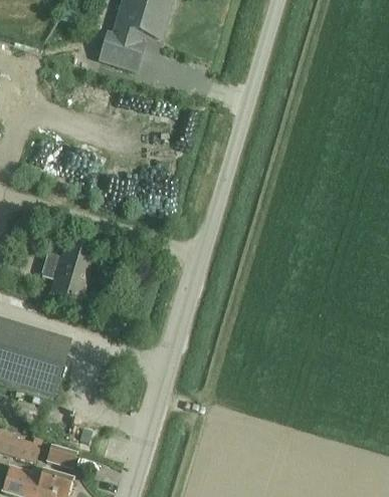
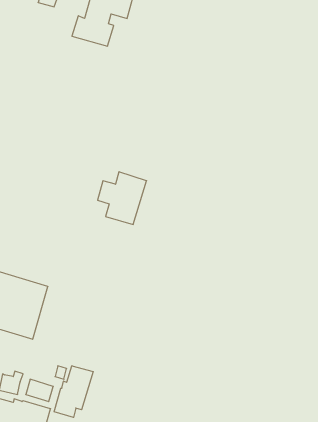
building: [40,243,95,302] -> [98,172,147,224]
building: none -> [54,366,93,417]

